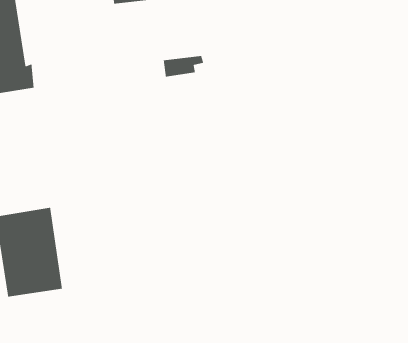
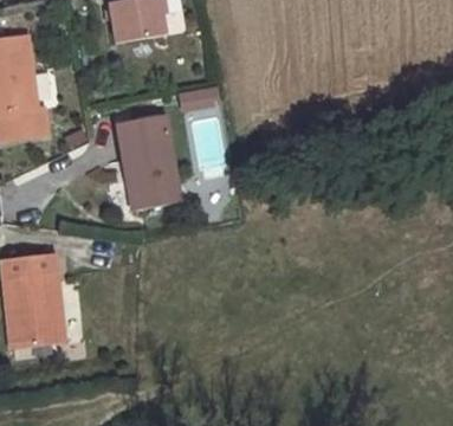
building: none -> [121,131,172,206]

